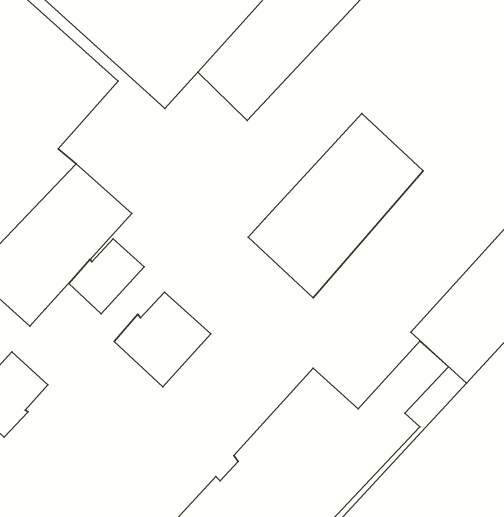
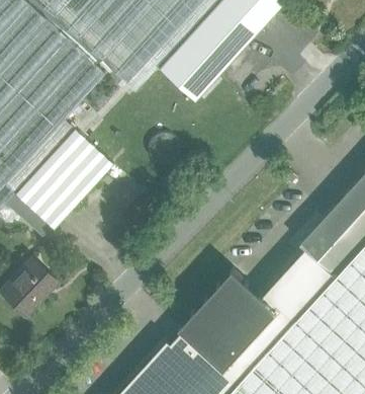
building: [248,113,423,298] -> none
building: [69,239,144,314] -> none
building: [114,292,211,387] -> none

